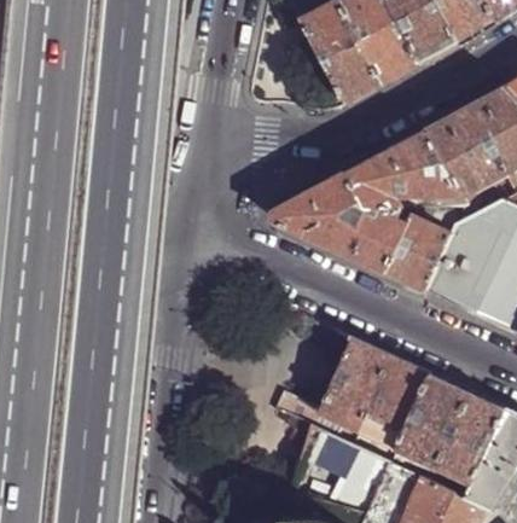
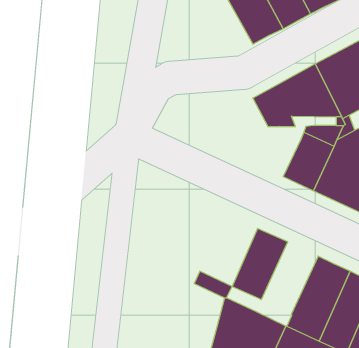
building: [272,172,407,272] -> none
building: [356,355,429,447] -> none

